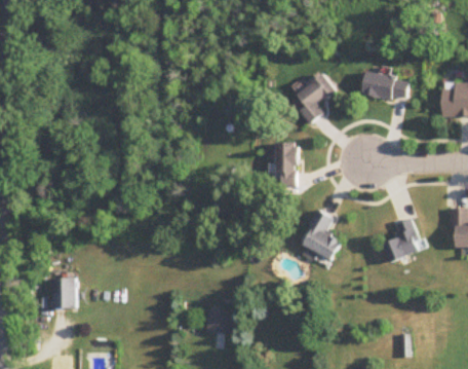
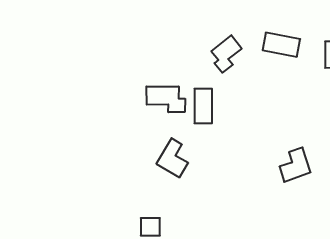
building: none -> [146,86,185,112]
building: [300,211,341,261] -> [156,138,188,177]
building: [51,278,74,305] -> none

